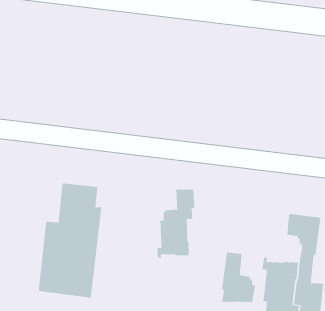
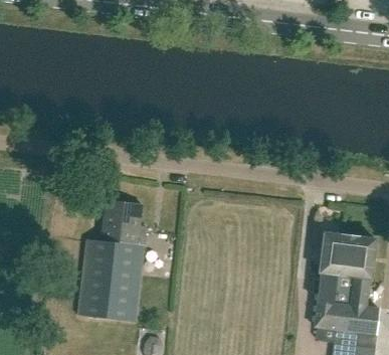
building: [157,189,195,259] -> none
building: [221,252,256,303] -> [320,231,356,285]

